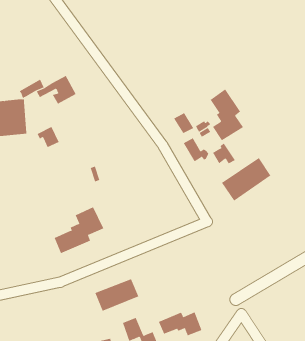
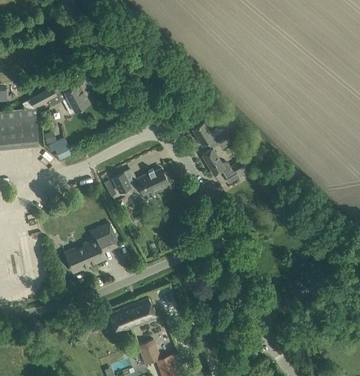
building: [210,89,244,141] -> none
building: none -> [113,168,168,199]
building: [221,157,271,202] -> none
building: [158,312,202,336] -> none

